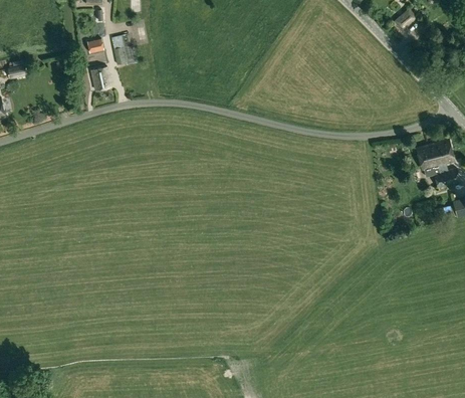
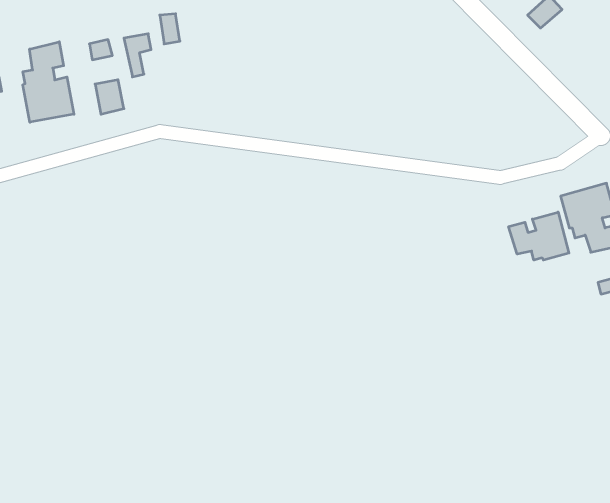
building: none -> [23,42,74,122]
building: none -> [509,212,569,260]

